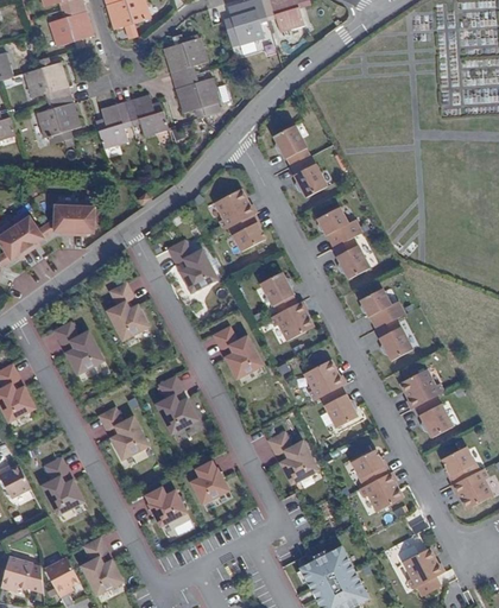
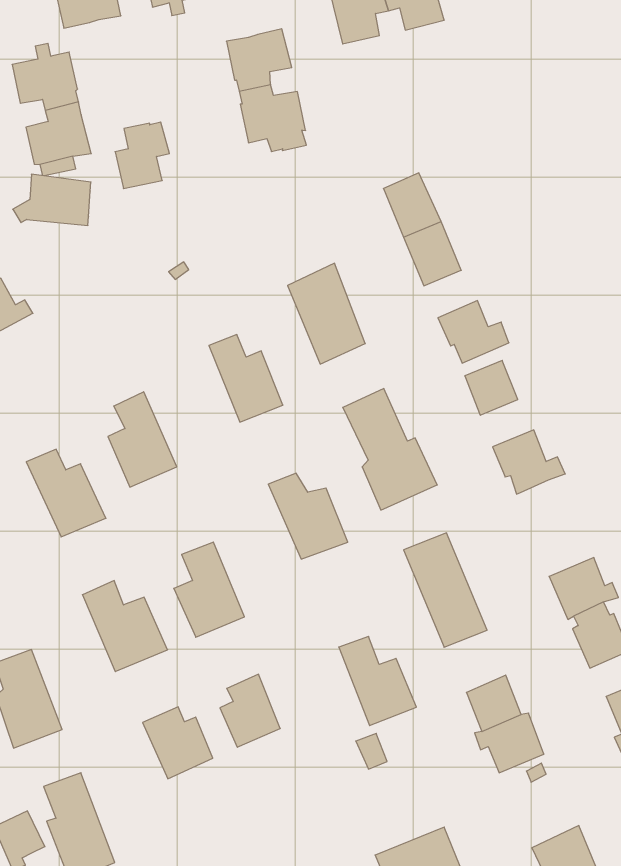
building: [124,93,168,134] -> none
building: [43,201,93,233] -> [13,174,91,225]
building: [375,318,412,361] -> none

